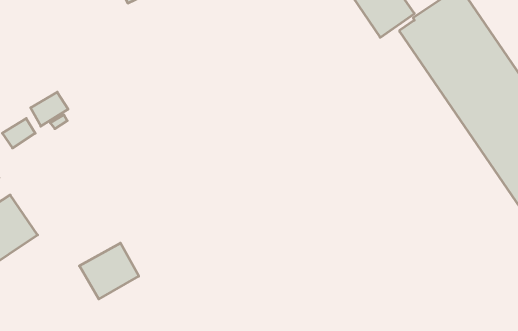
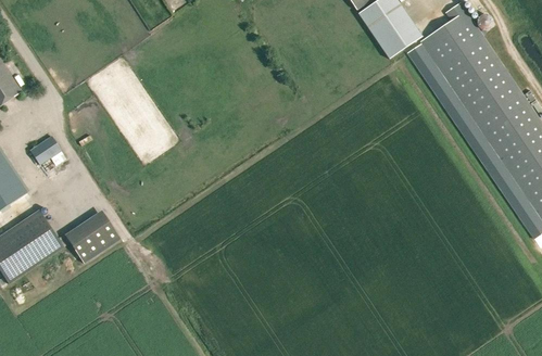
building: [31,92,68,126] -> none
building: [79,243,139,299] -> [58,209,114,263]

